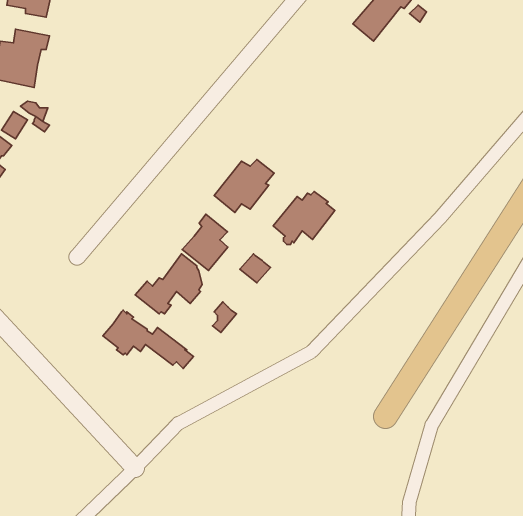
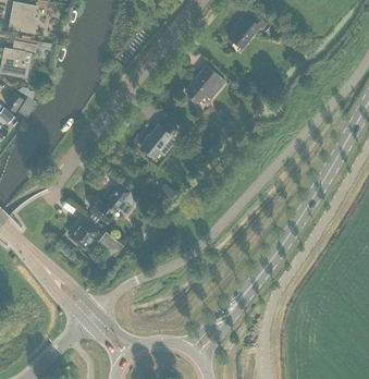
building: [273,191,335,245] -> [185,69,224,102]
building: [182,214,228,270] -> none

